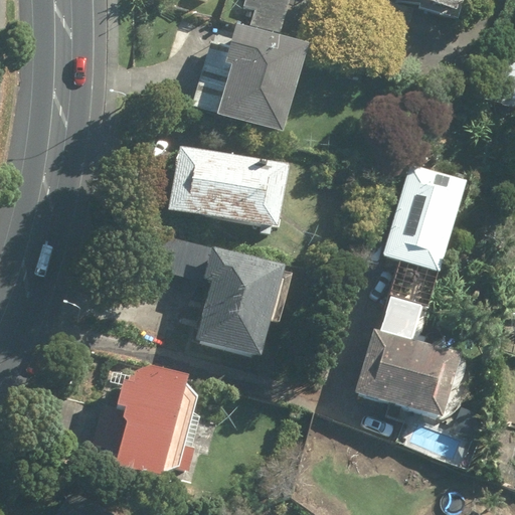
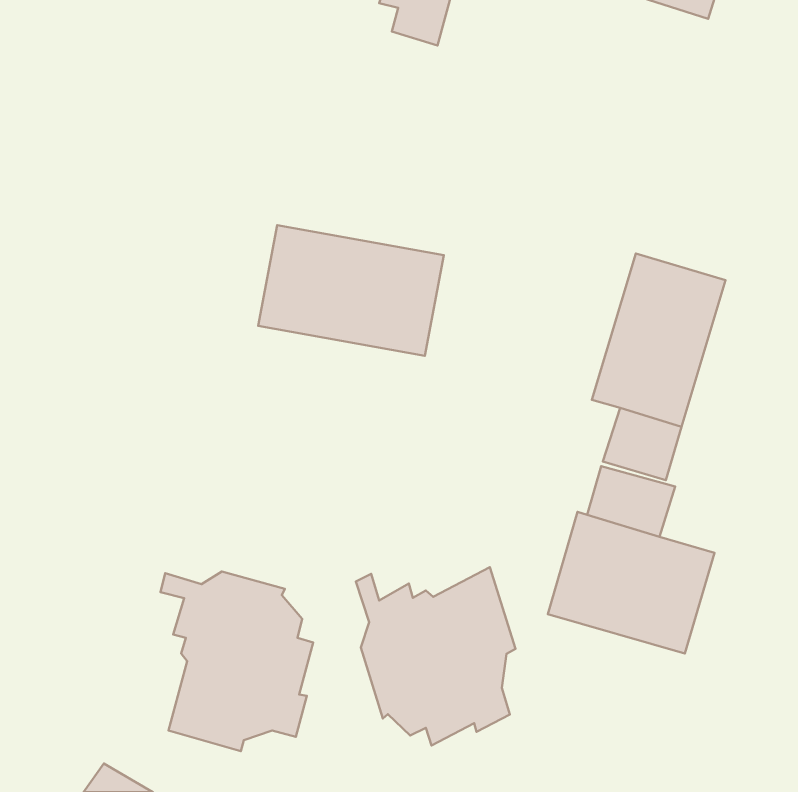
building: [216,24,308,134] -> none
building: [152,230,286,359] -> none
building: none -> [356,567,516,745]

